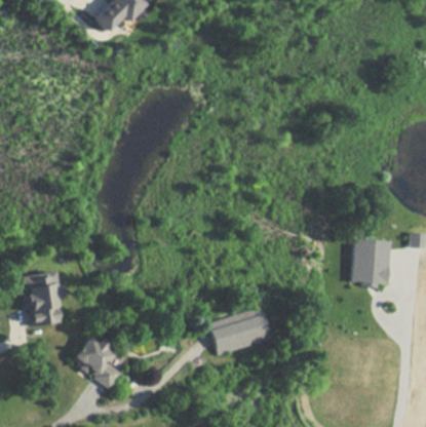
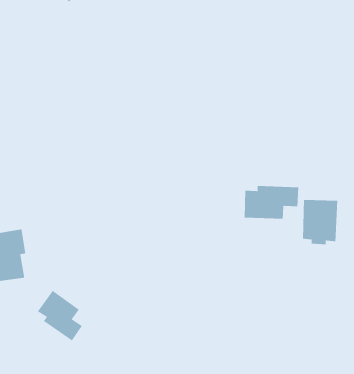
building: none -> [244,185,299,219]
building: [209,307,271,355] -> none

